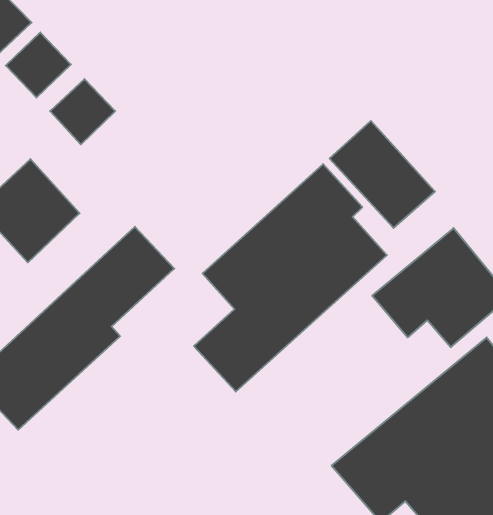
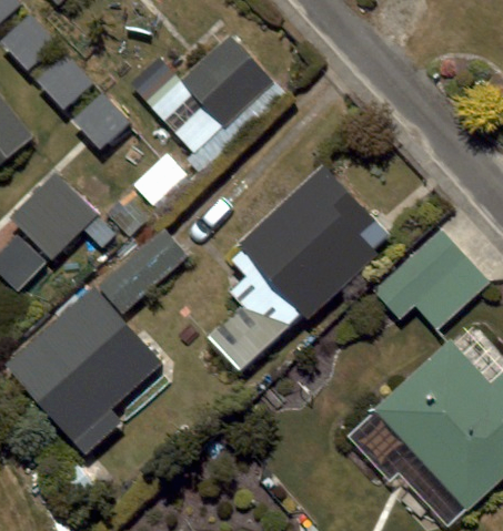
building: none -> [141,27,282,165]
building: [330,121,435,228] -> none
building: none -> [46,325,172,459]

